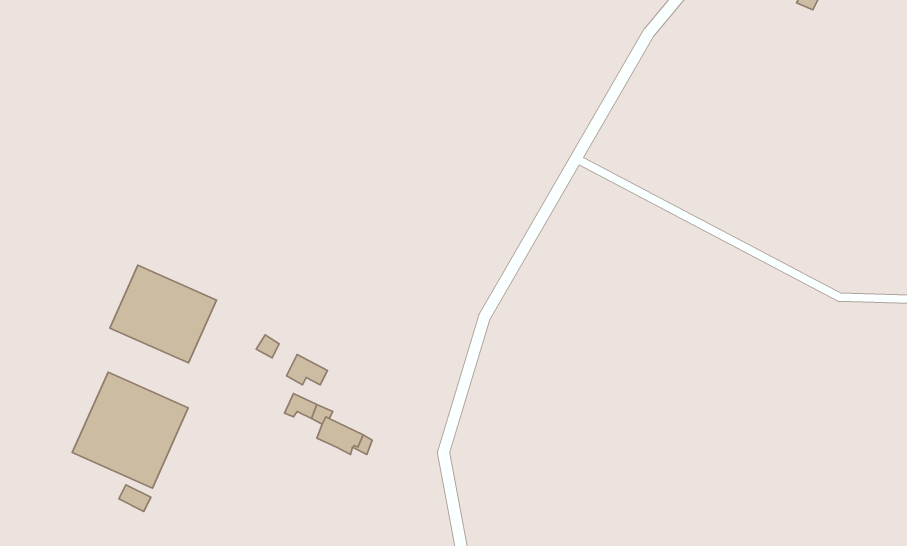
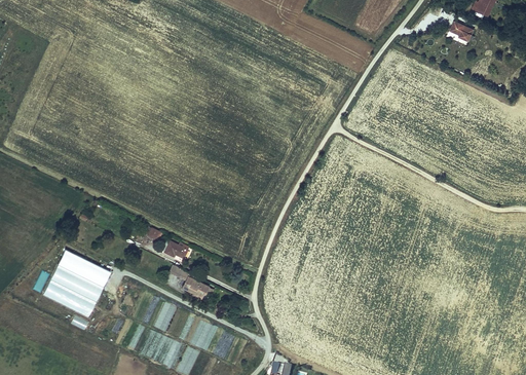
building: [110,265,216,363] -> none

